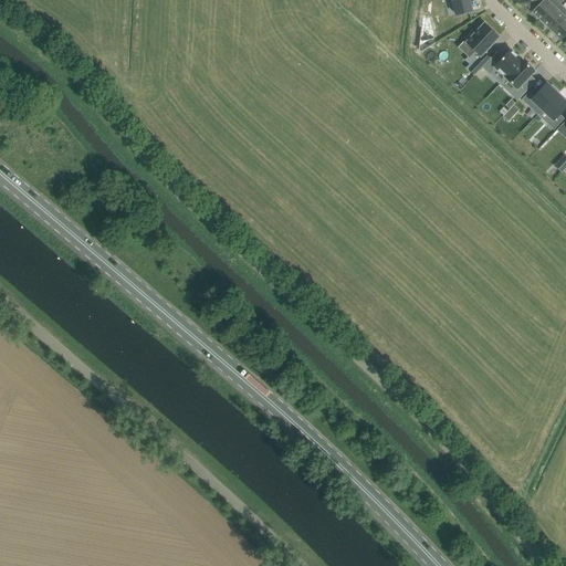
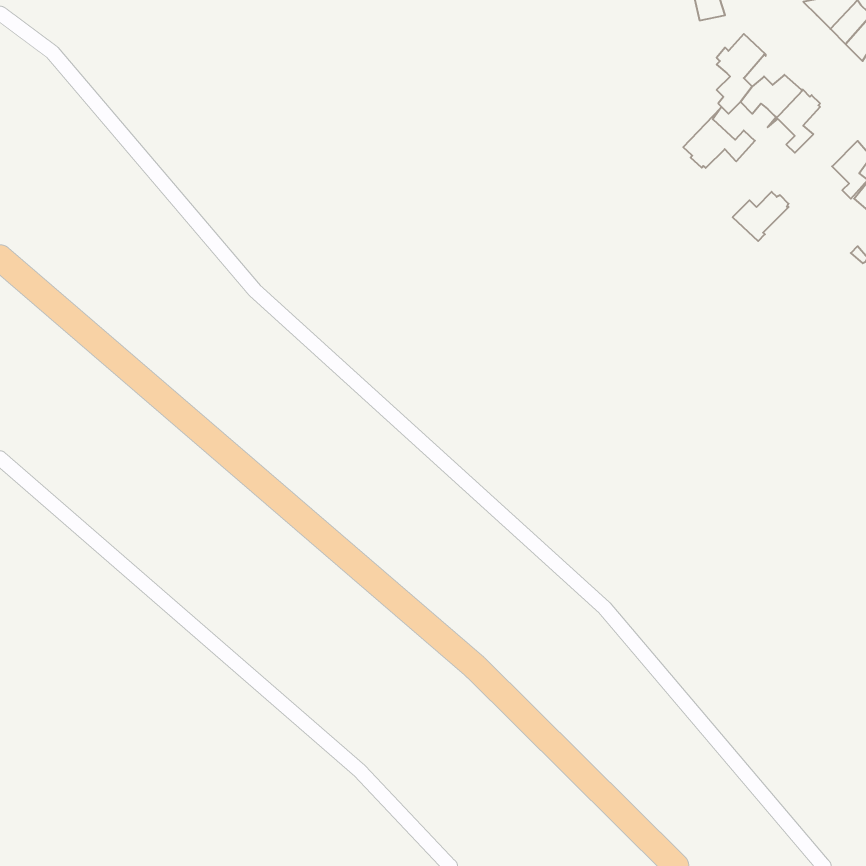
building: none -> [683,108,755,168]
building: [523,82,559,114] -> [733,192,789,241]

